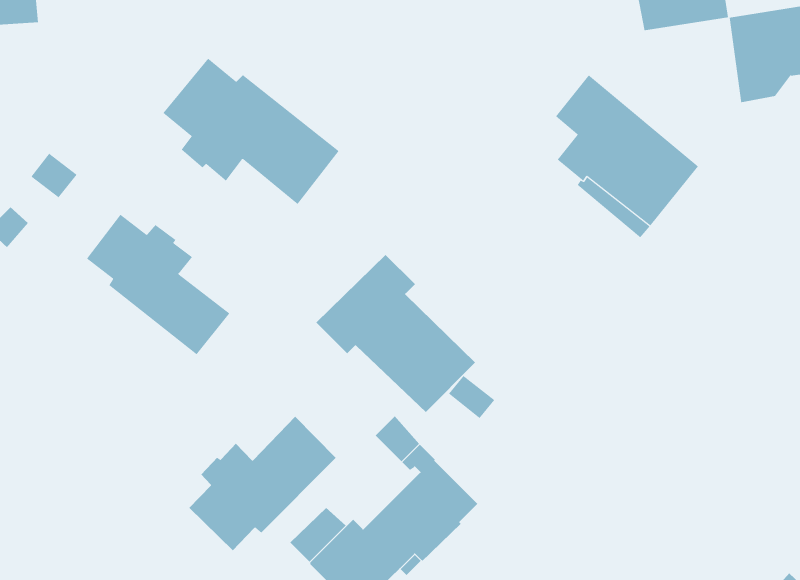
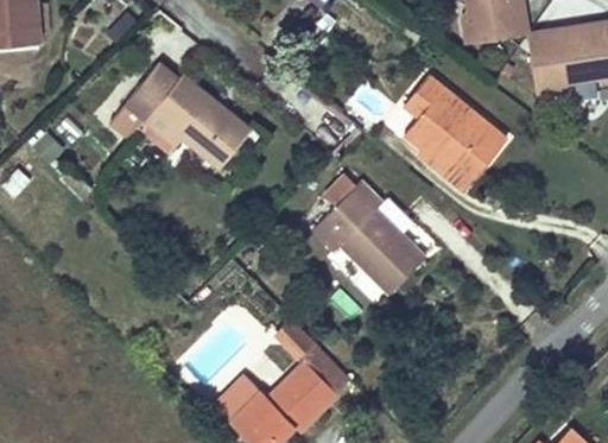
building: [86,214,230,355] -> none
building: [315,254,476,413] -> [311,181,425,293]
building: [188,416,337,551] -> none

